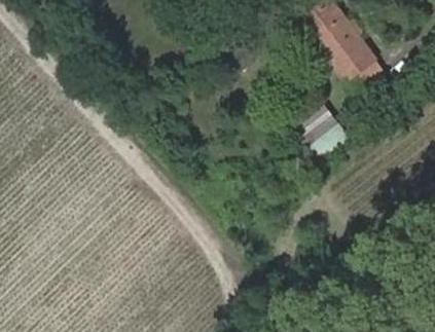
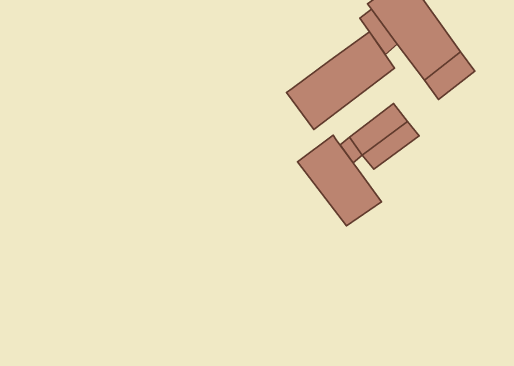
building: none -> [286,32,394,130]
building: none -> [297,135,382,226]

